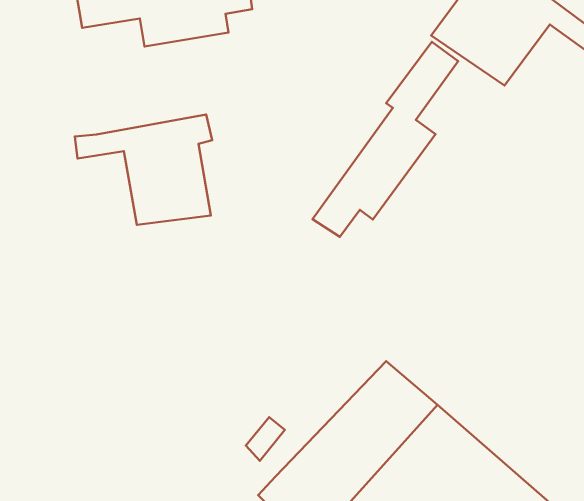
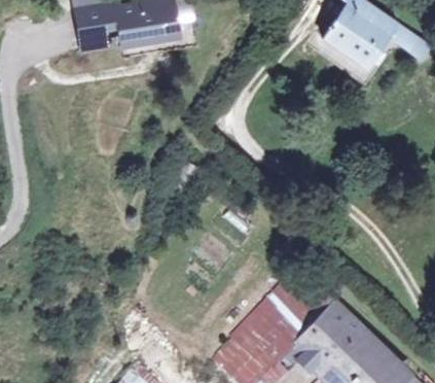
building: [312,42,458,237] -> none
building: [75,115,212,225] -> none

